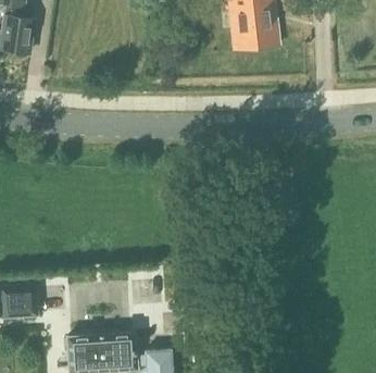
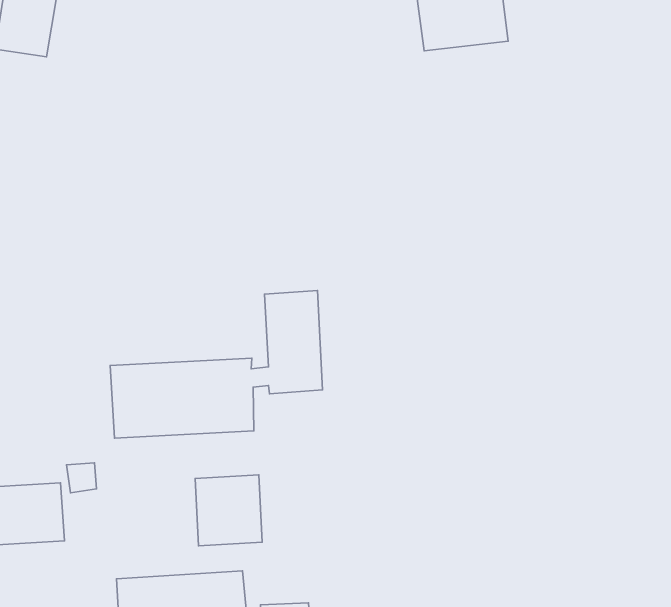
building: none -> [110,290,323,438]
building: none -> [195,475,262,546]

